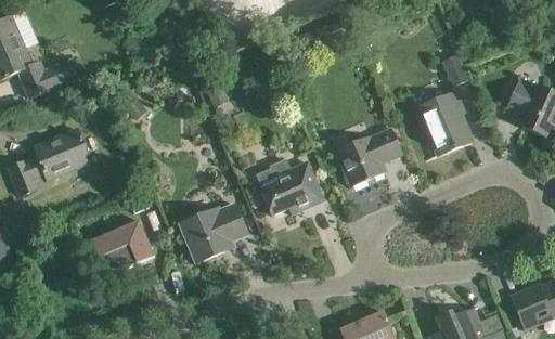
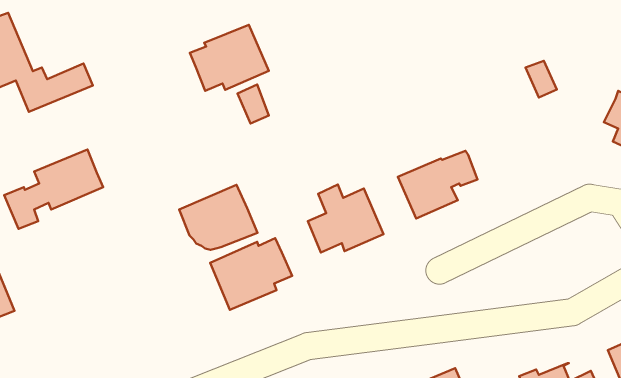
building: none -> [190,25,269,91]
building: [418,92,469,158] -> none
building: [89,216,154,270] -> [179,185,257,250]

